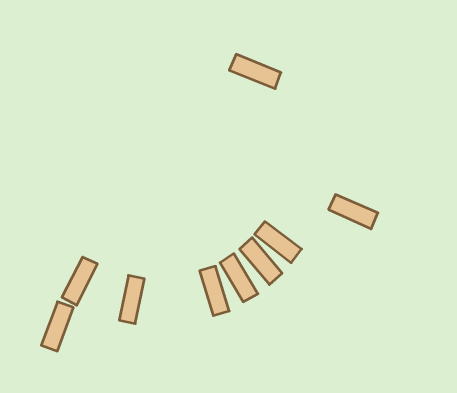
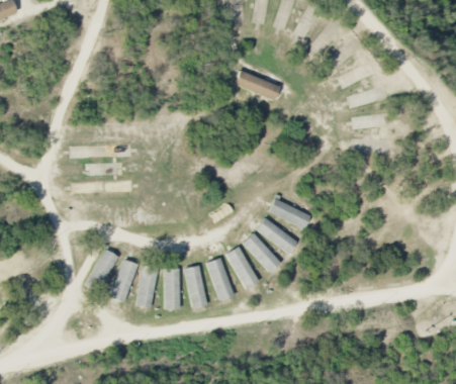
building: [329,195,378,229] -> [268,198,311,228]
building: none -> [187,265,205,307]
building: none -> [165,268,180,309]
building: [41,302,73,351] -> [110,259,139,302]

